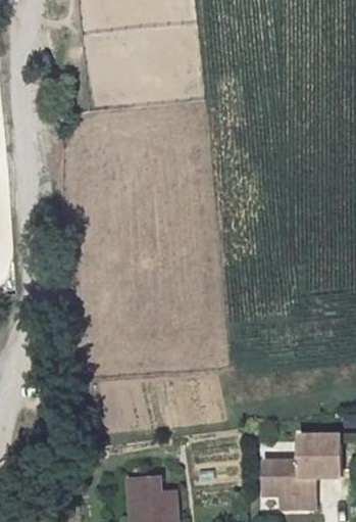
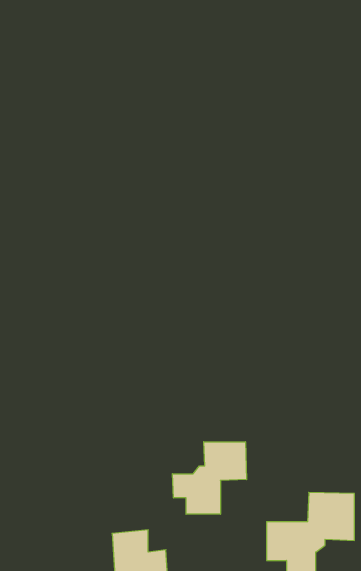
building: none -> [172,442,247,514]

